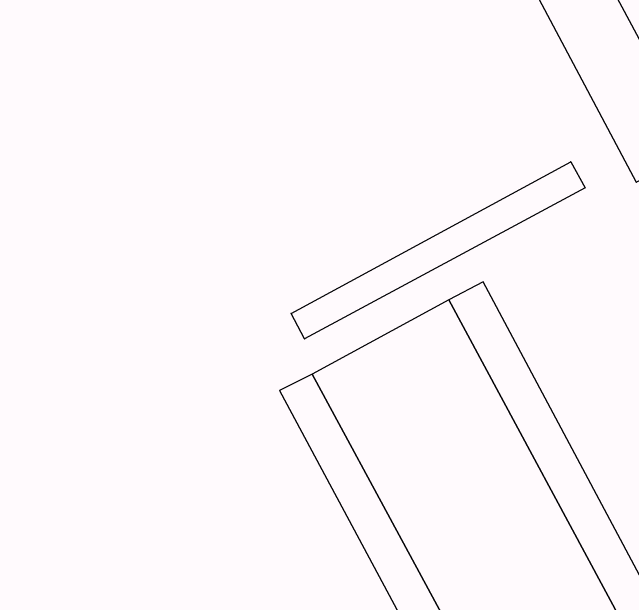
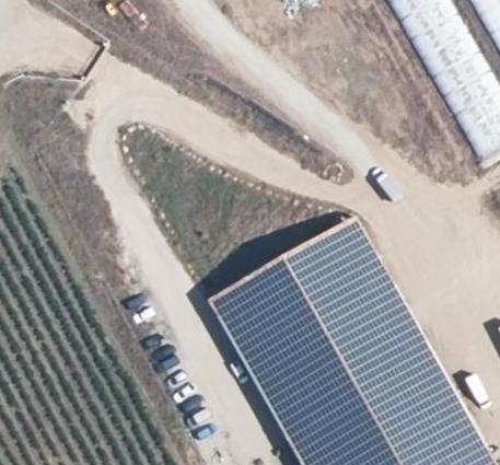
building: [291,162,585,339] -> none

